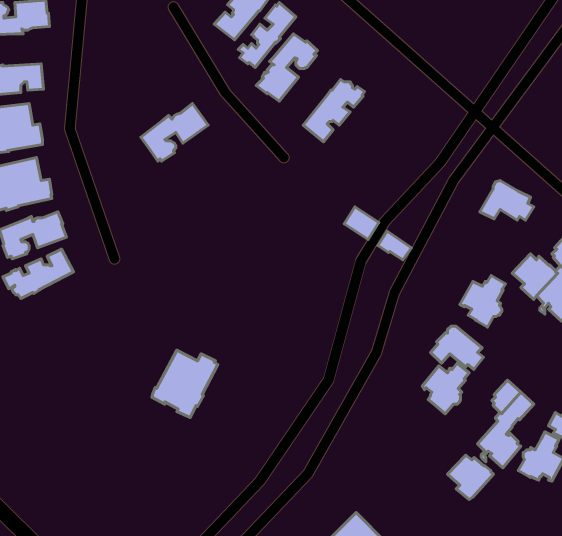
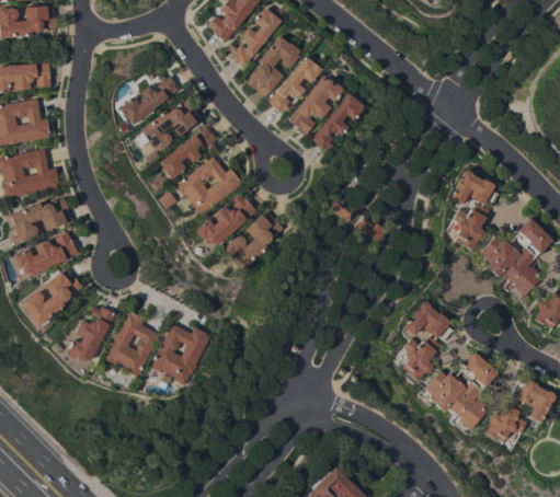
building: none -> [268,56,322,112]
building: none -> [118,74,180,125]
building: none -> [311,92,365,150]
building: none -> [159,126,217,178]
building: none -> [175,155,242,216]
building: none -> [195,193,256,245]
building: none -> [225,210,284,268]
building: [460,276,505,327] -> [447,203,489,250]
building: none -> [23,268,83,325]
building: none -> [67,305,116,360]
building: none -> [103,309,160,377]
building: [448,455,493,500] -> [424,370,466,411]

